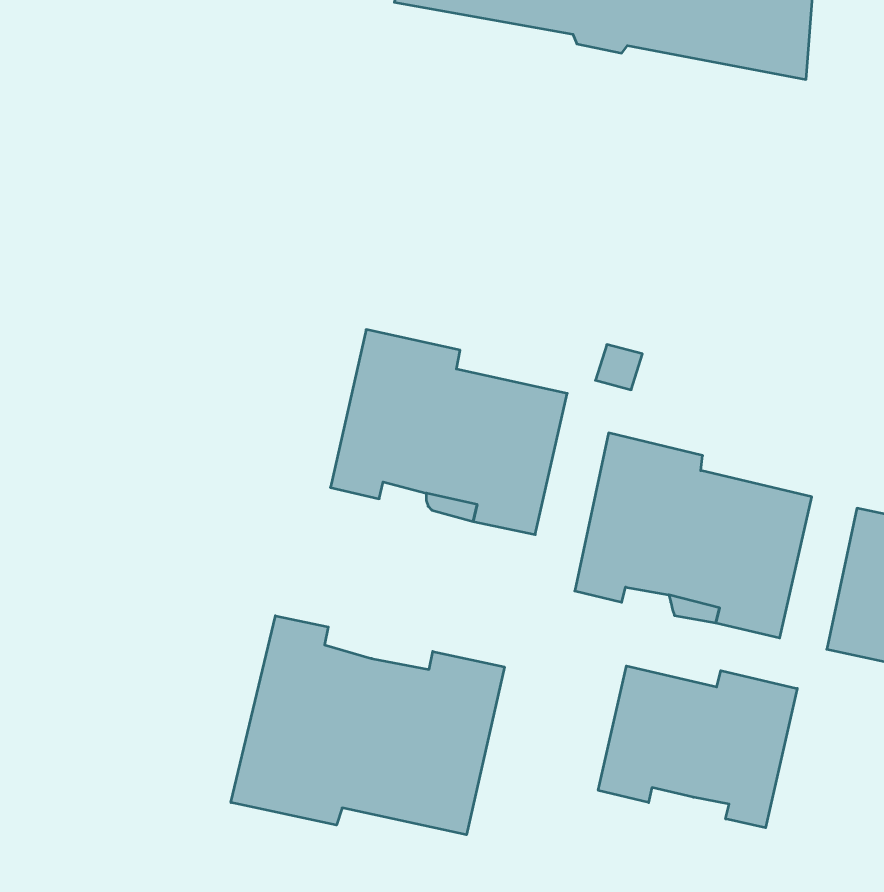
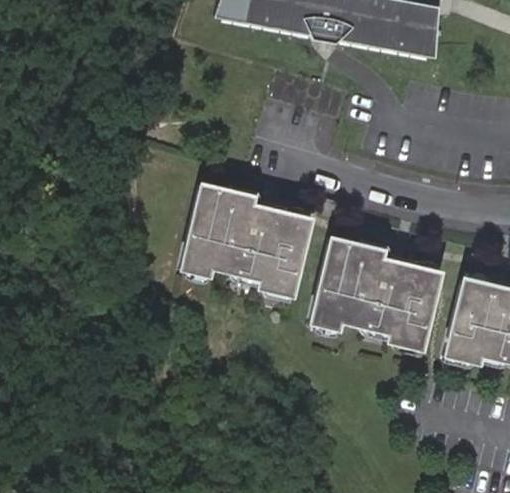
building: [231,616,504,835] -> none
building: [598,666,797,828] -> none

